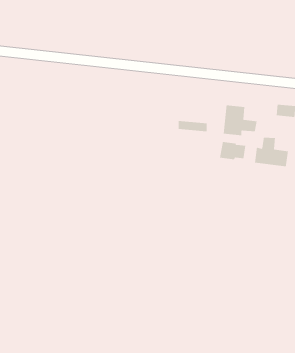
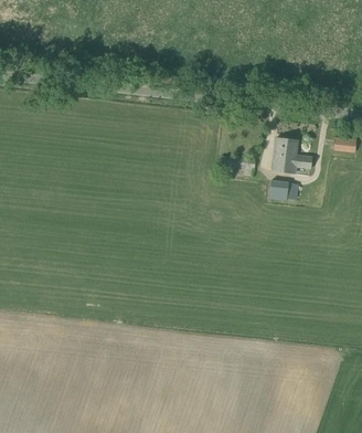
building: [254,137,288,167] -> none

